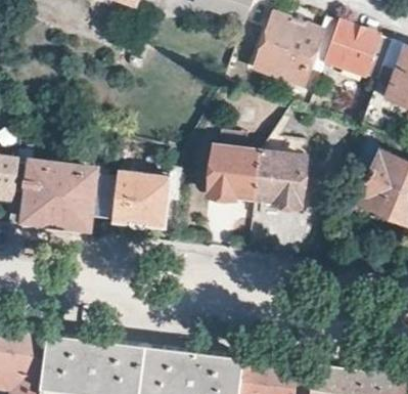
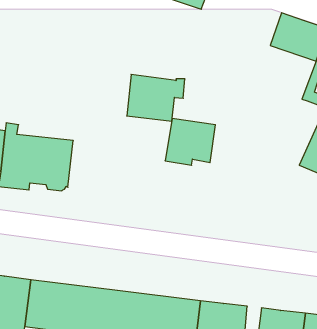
building: [254,13,336,85] -> none
building: [254,154,310,211] -> none
building: [110,173,178,227] -> [127,74,185,121]

